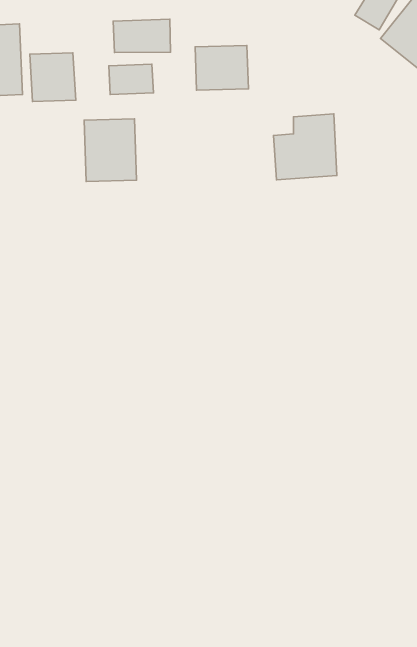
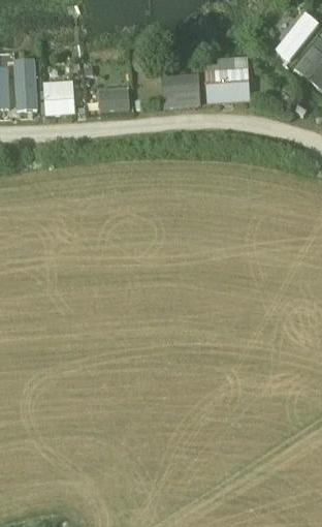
building: [113,19,171,53] -> none
building: [274,114,337,180] -> [203,56,249,103]
building: [84,119,137,182] -> none

